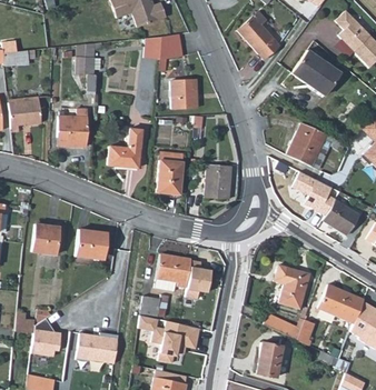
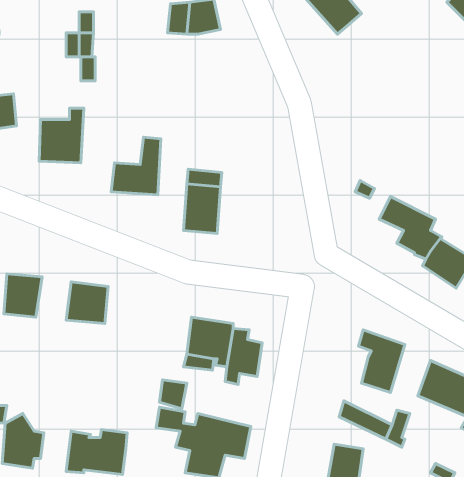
building: [291,49,339,94] -> none
building: [170,79,199,110] -> none
building: [287,121,346,168] -> none
building: [205,164,231,199] -> none

